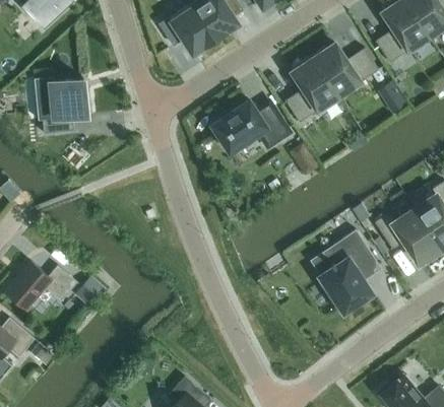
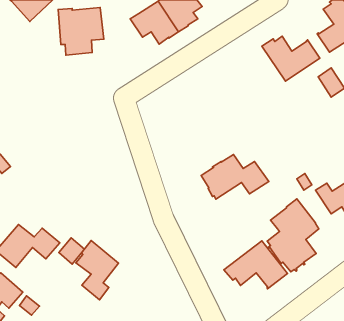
building: [286,55,339,122] -> none
building: [35,78,87,133] -> [58,8,104,55]
building: [212,100,291,152] -> [201,154,269,199]
building: none -> [76,241,119,300]
building: none -> [224,241,287,289]

